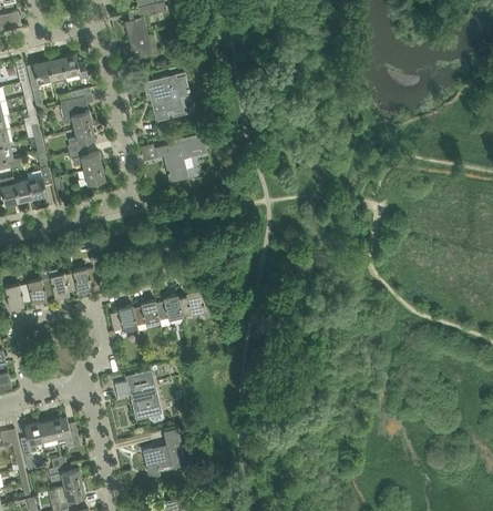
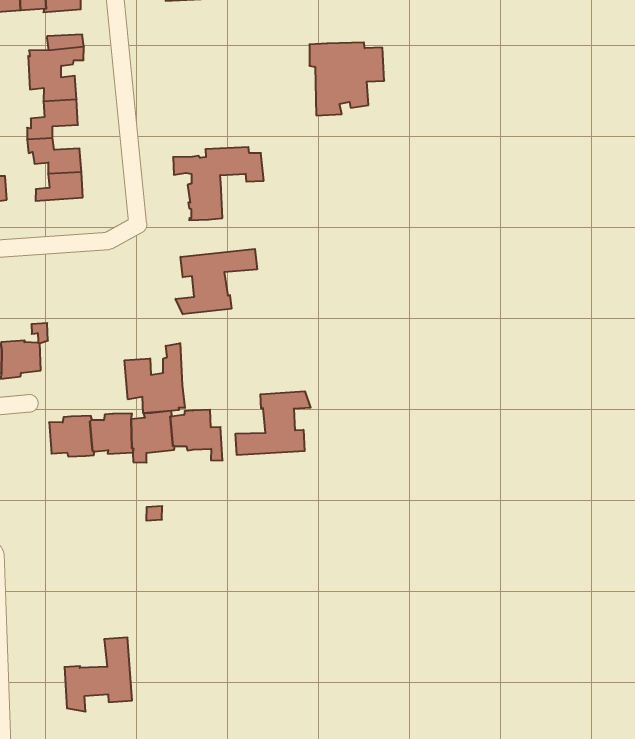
building: [144,74,191,121] -> [309,42,384,115]
building: none -> [176,249,257,314]
building: none -> [125,343,185,413]
building: none -> [236,391,311,455]
building: [115,371,161,417] -> none

